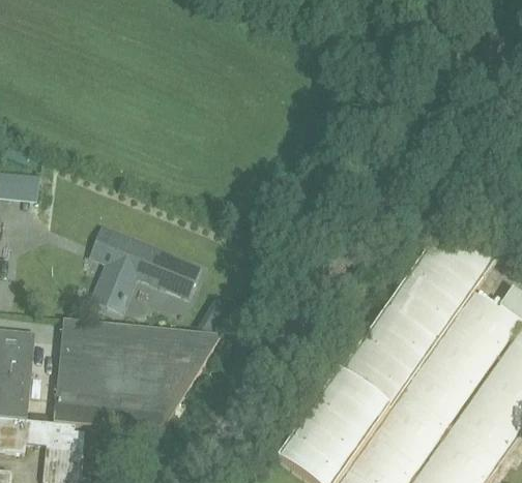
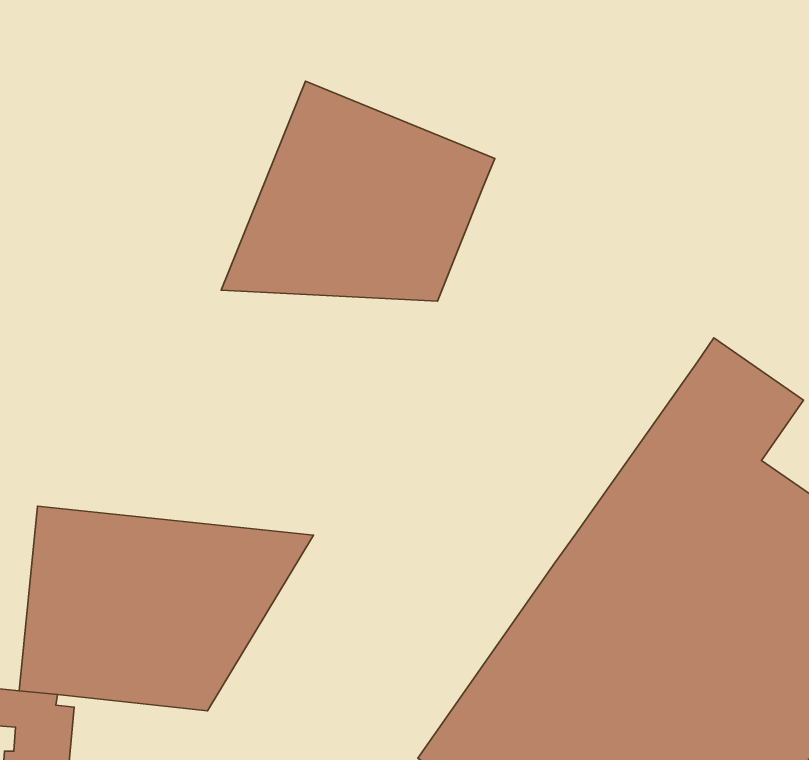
building: none -> [221,81,495,301]
building: [93,230,199,309] -> none

